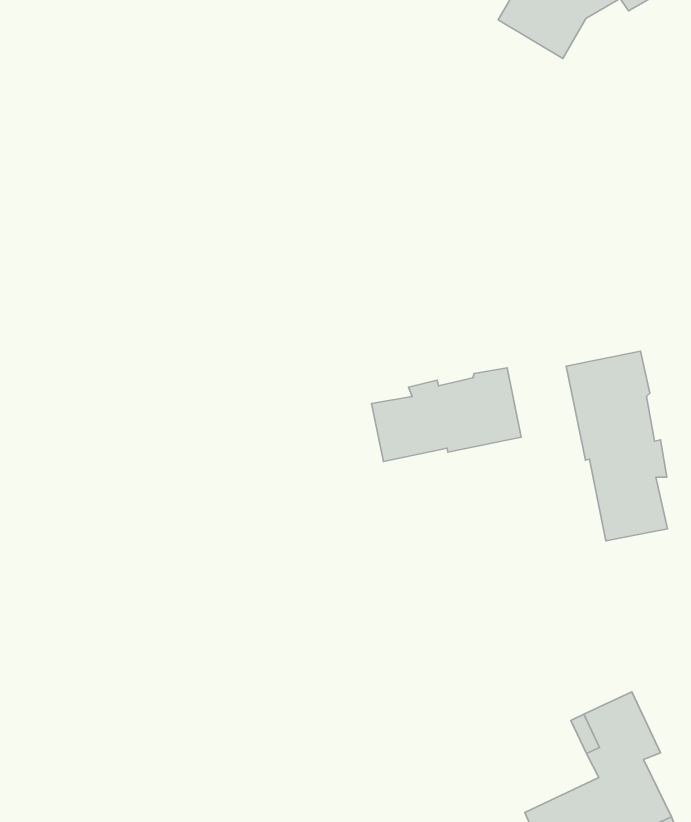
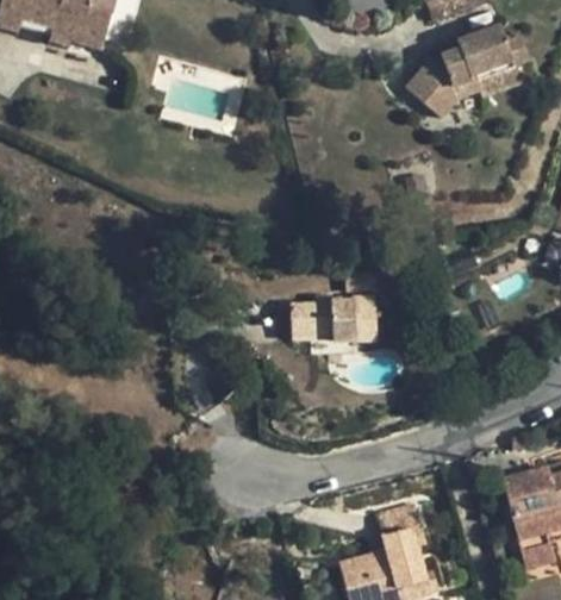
building: [566,351,668,541] -> none

